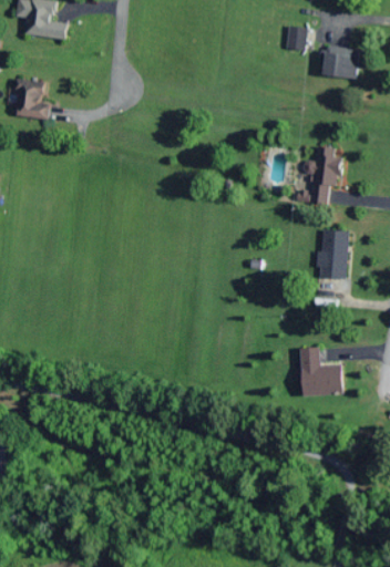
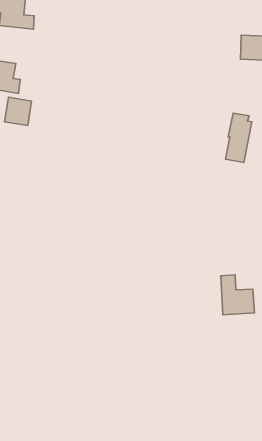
building: [286,24,307,50] -> none
building: none -> [5,97,32,125]
building: [319,228,348,278] -> none

